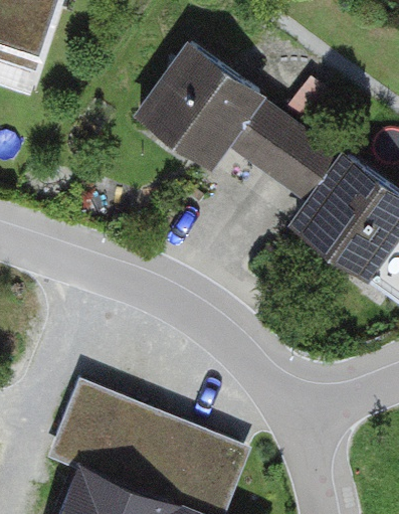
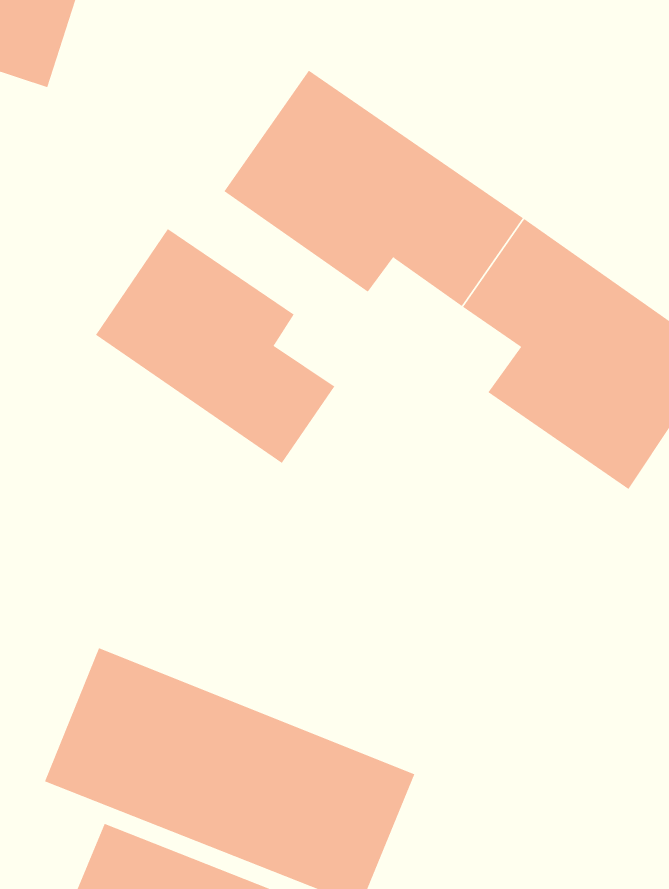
building: none -> [95,228,335,464]

